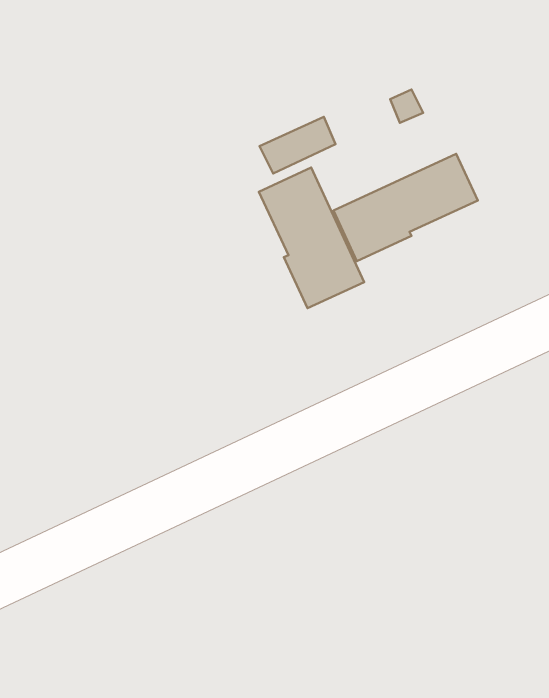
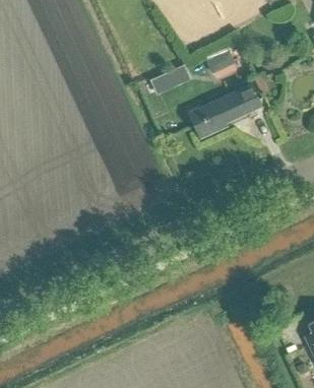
building: [259,167,364,308] -> none

